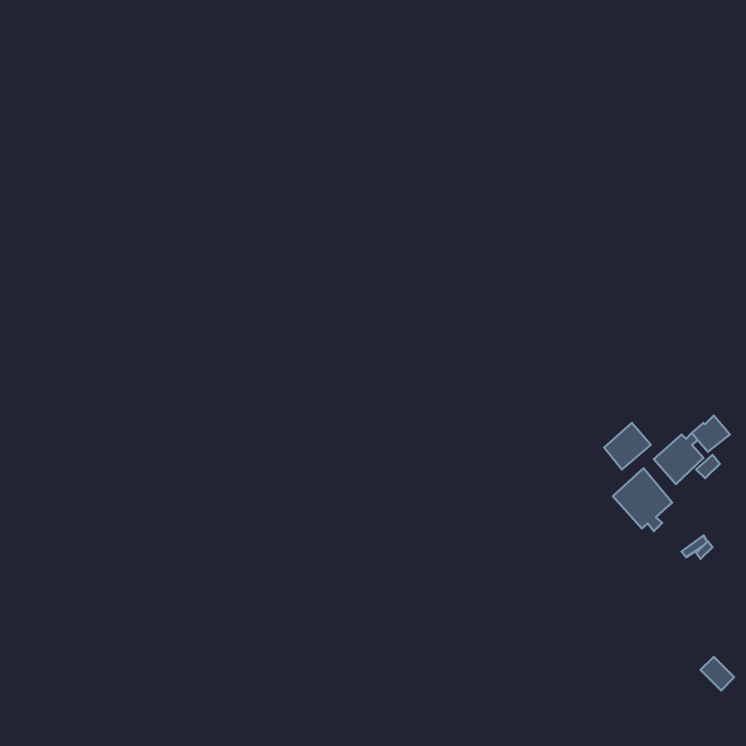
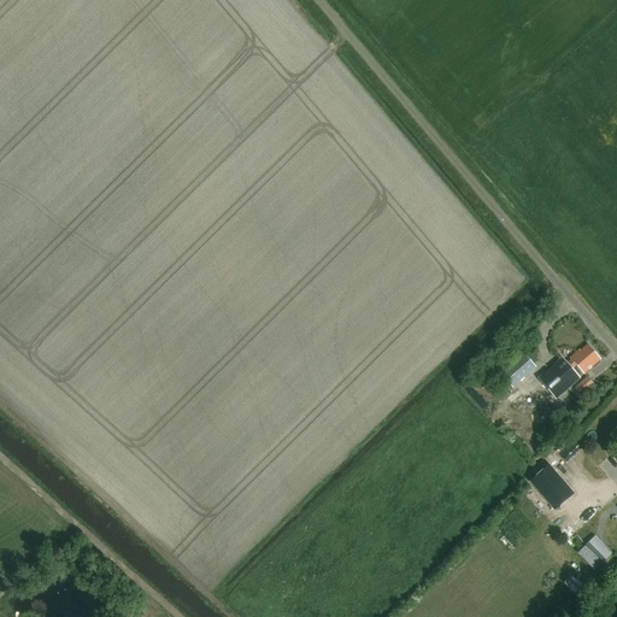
building: [613,468,672,531] -> none
building: none -> [531,464,575,509]

